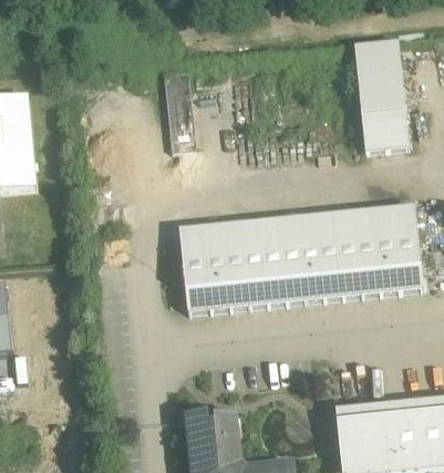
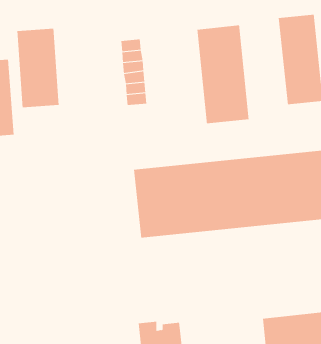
building: none -> [197,25,249,124]
building: none -> [17,28,59,108]

